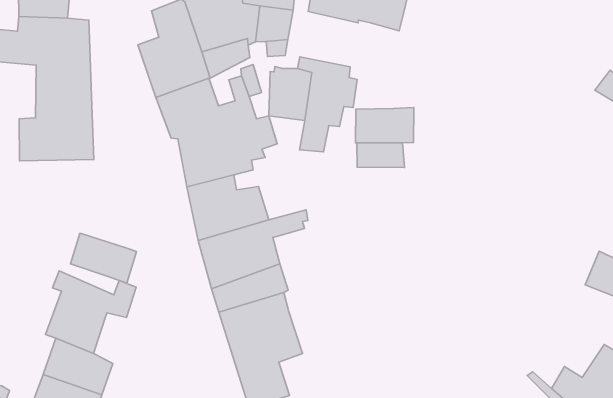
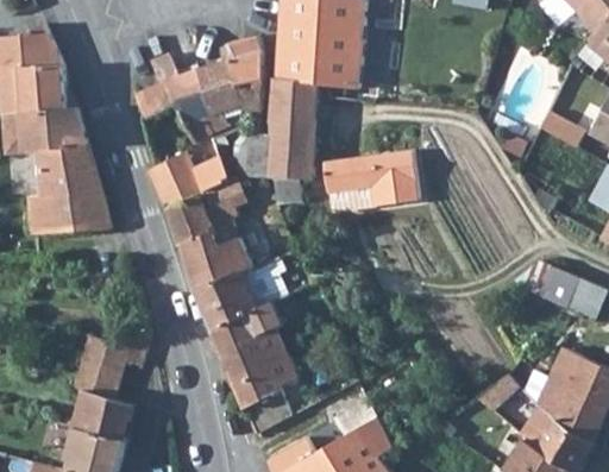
building: none -> [271,80,320,125]
building: none -> [369,153,415,209]
building: [71,233,136,283] -> none

